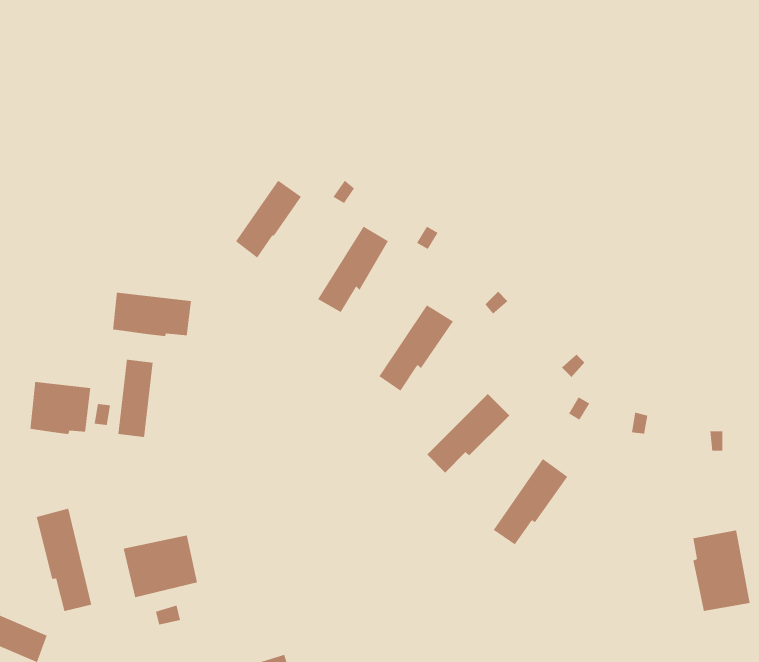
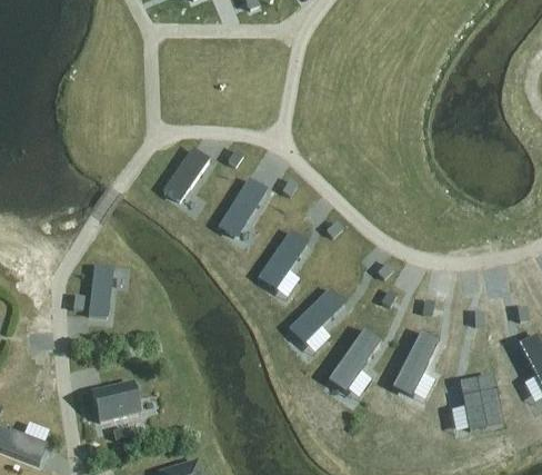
building: [113,292,192,337] -> none
building: [30,381,91,435] -> none
building: none -> [393,330,440,393]
building: [36,508,92,612] -> none

